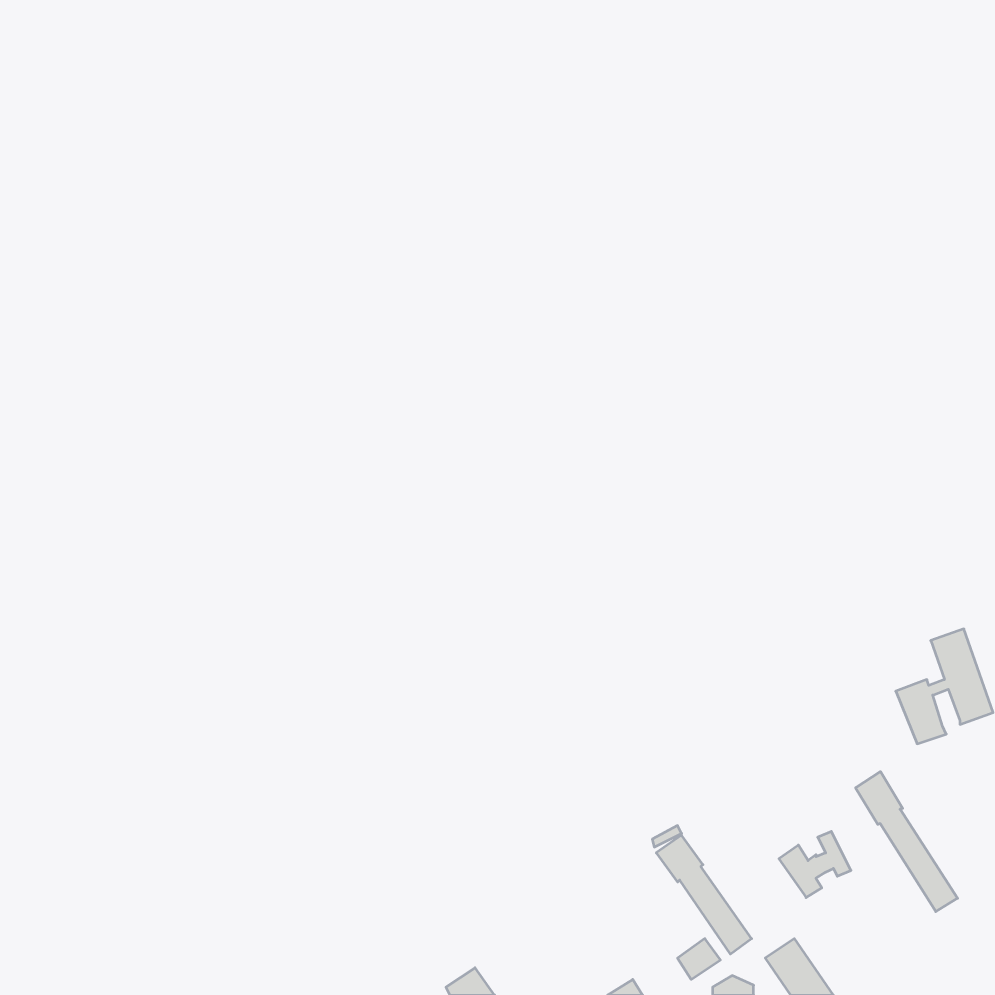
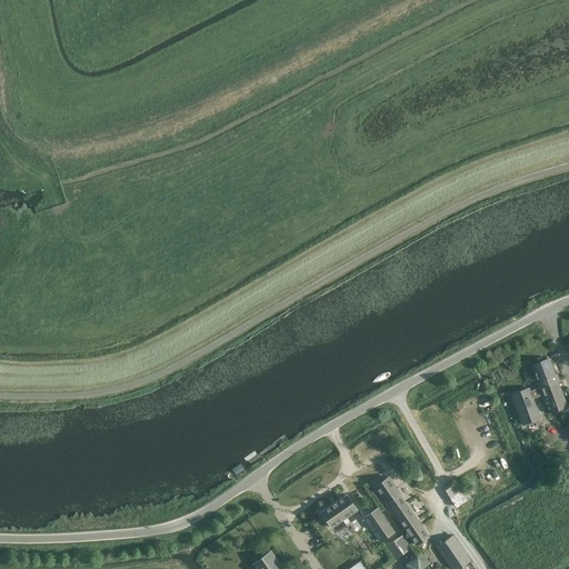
building: [856,772,958,912] -> none
building: none -> [321,495,395,541]

